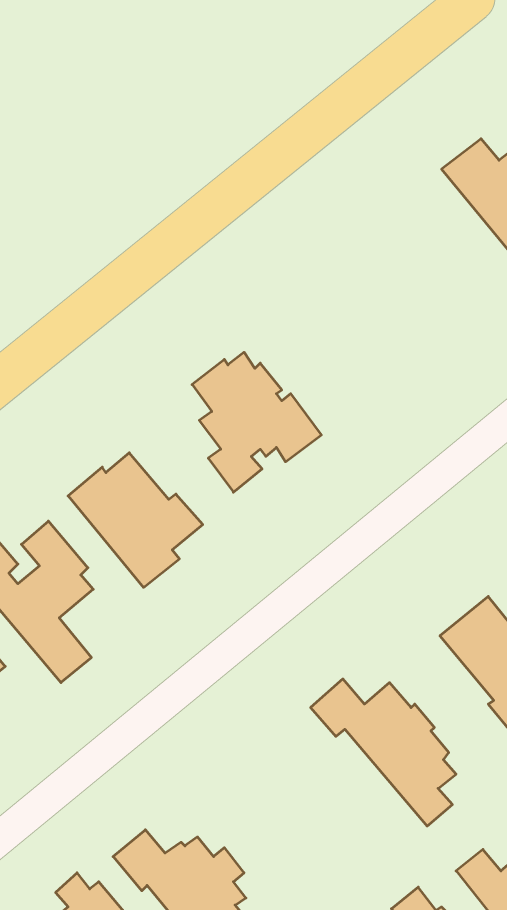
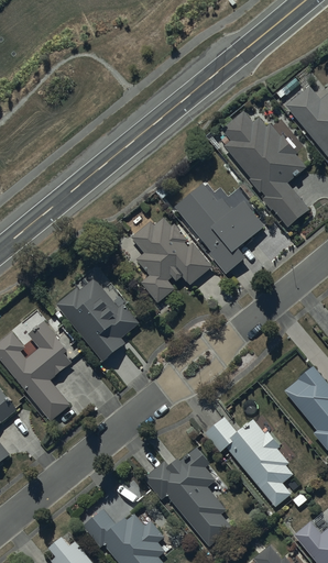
building: none -> [221,111,309,227]
building: none -> [174,183,265,274]
building: none -> [144,446,233,547]

